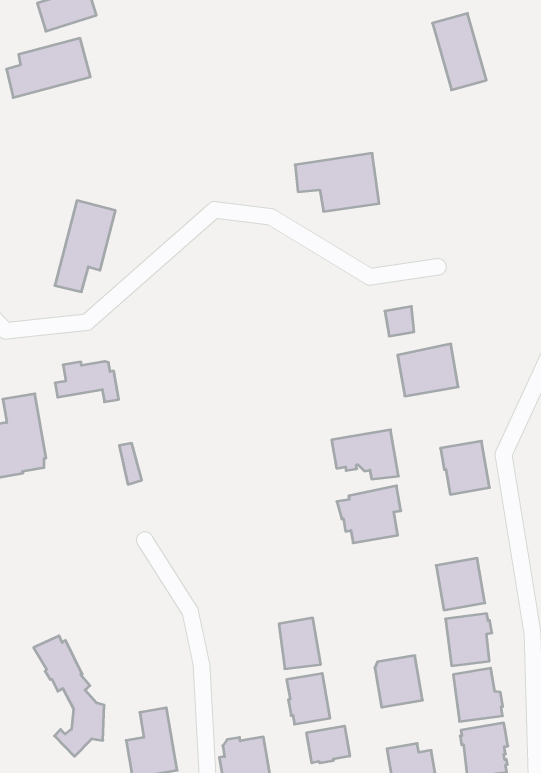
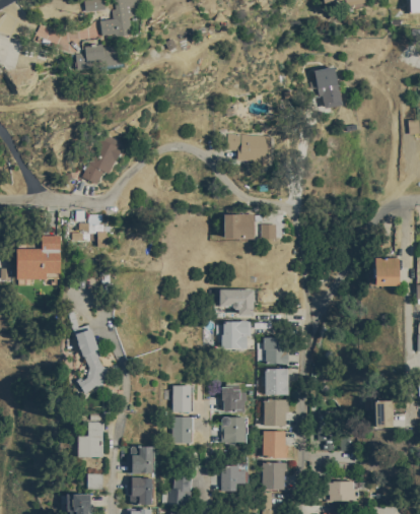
building: [398,344,458,396] -> [224,213,255,238]
building: [440,441,490,494] -> [265,337,288,364]
building: none -> [222,384,247,411]
building: [34,636,104,756] -> [74,325,108,393]
building: [307,726,350,763] -> none

